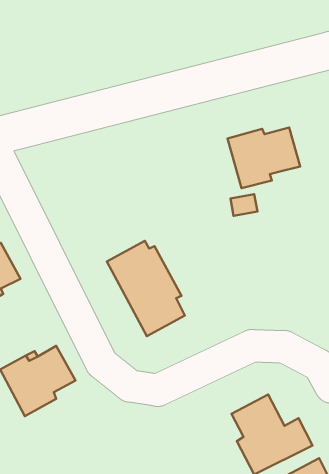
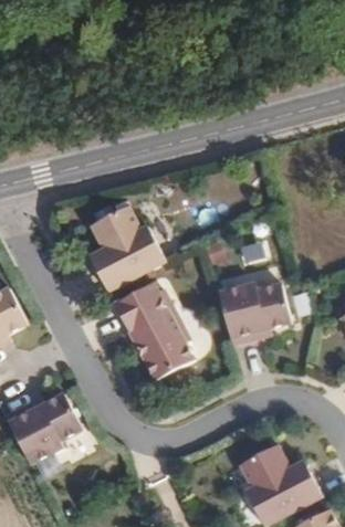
building: [228,128,300,188] -> [218,282,292,344]
building: none -> [88,208,164,293]

